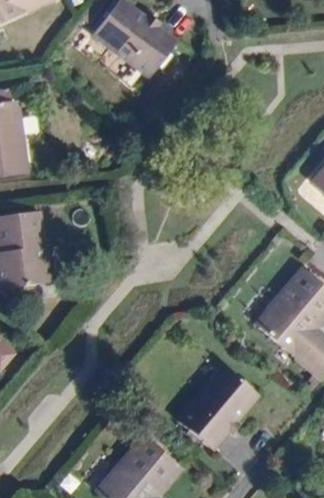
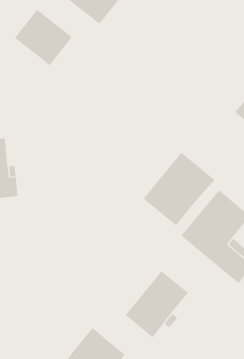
building: none -> [14,9,72,66]
building: none -> [143,152,216,226]

